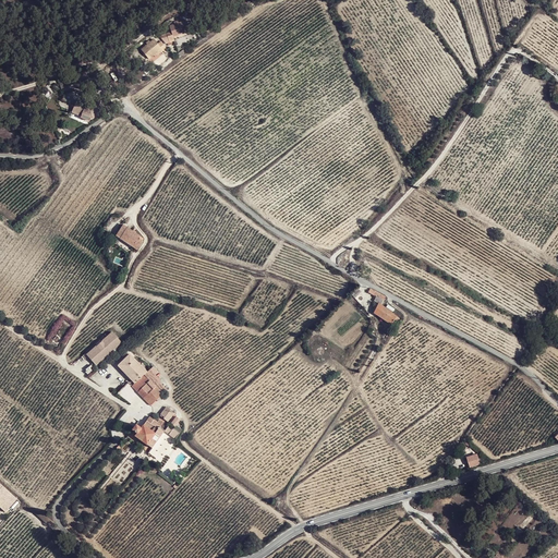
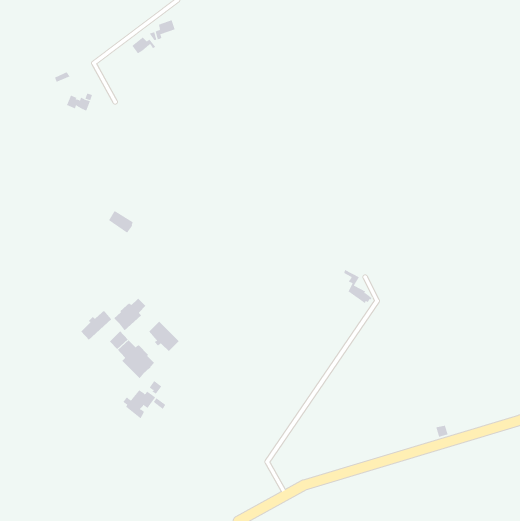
building: none -> [114,298,146,331]
building: none -> [148,321,179,352]

